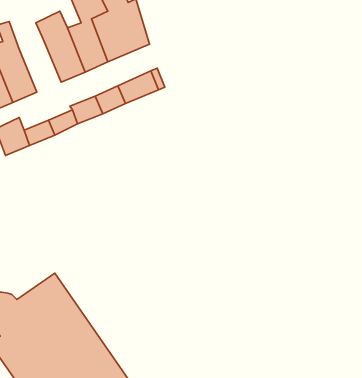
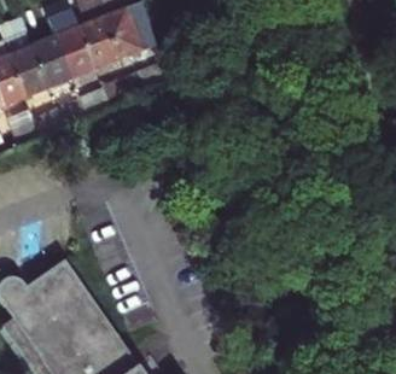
building: none -> [34,37,74,88]

